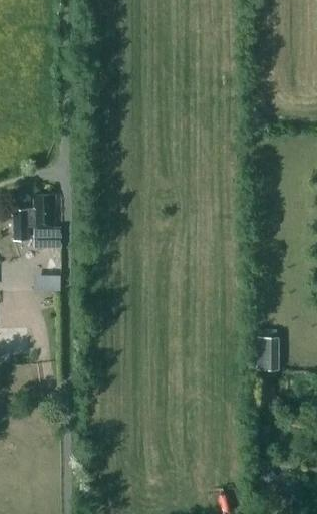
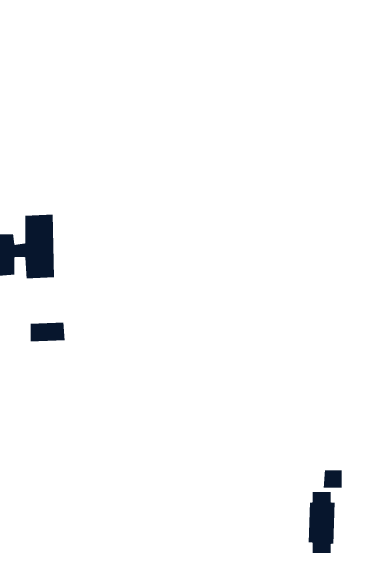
building: [258,331,279,378] -> [308,492,336,553]

